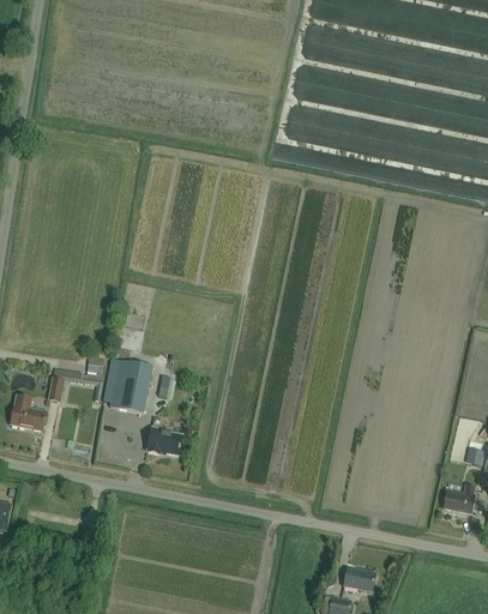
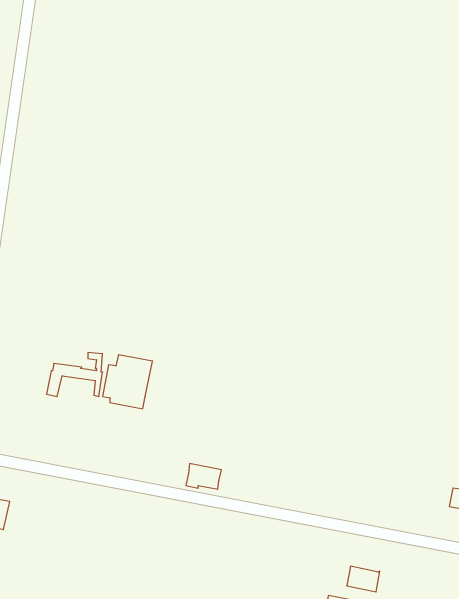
building: [11,393,47,429] -> none
building: [147,428,182,453] -> [186,464,221,489]

